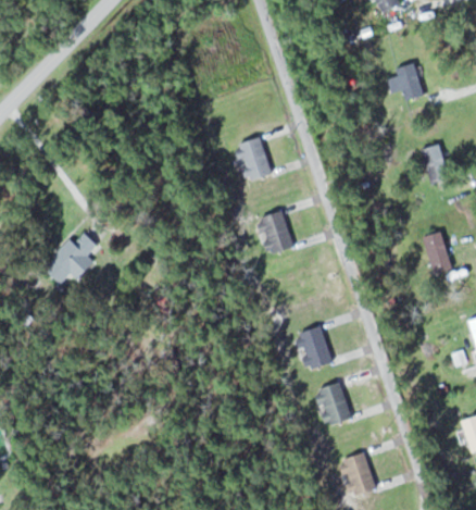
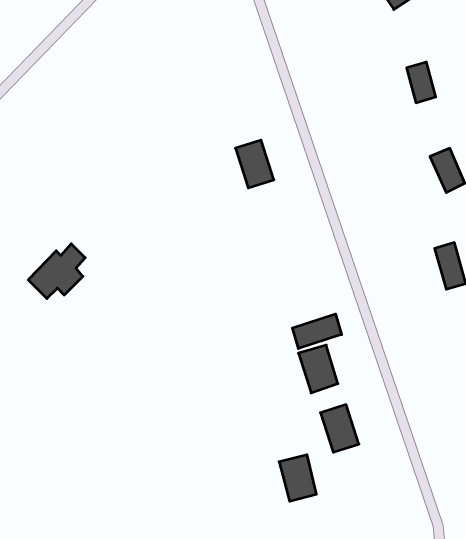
building: [256,210,292,254] -> none
building: none -> [292,314,342,349]
building: [339,452,374,496] -> [279,455,316,501]

